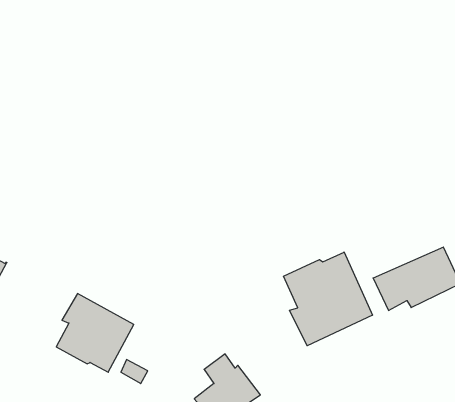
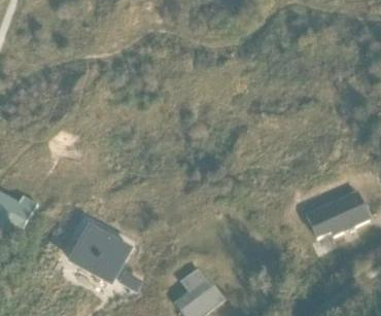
building: [284,252,372,346] -> none

